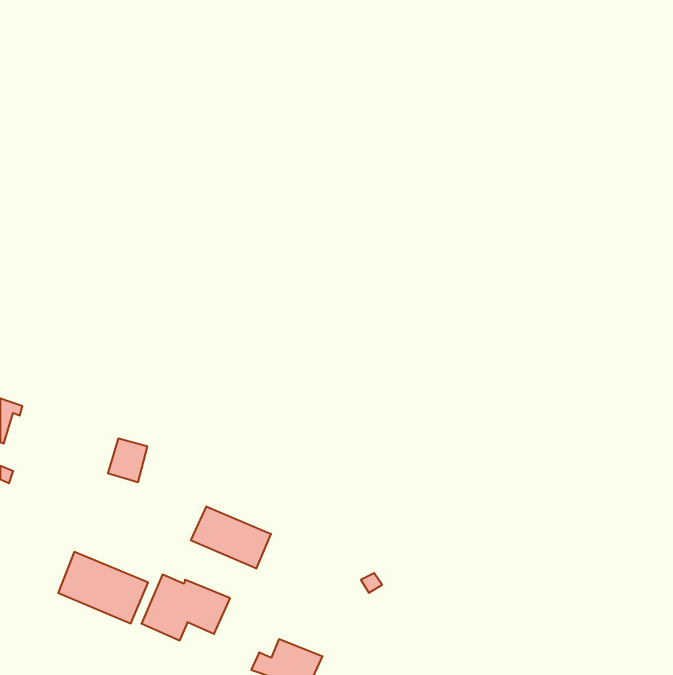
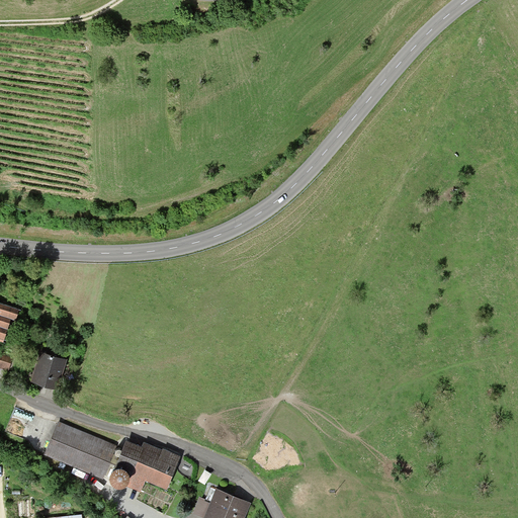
building: [108,439,147,482] -> [35,353,66,386]
building: [191,506,271,569] -> none

